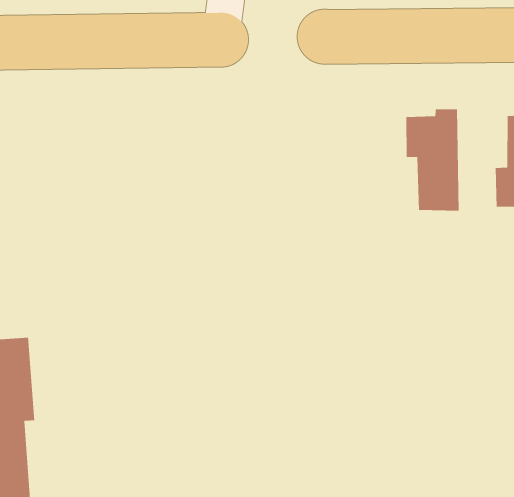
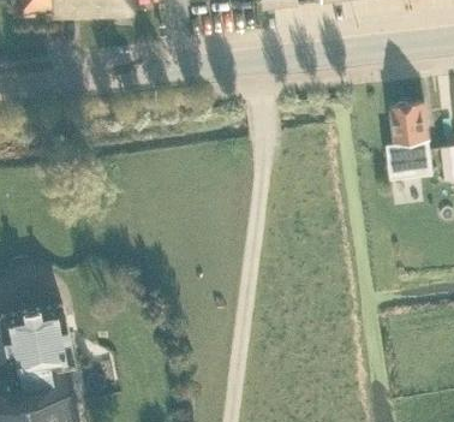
building: [406,109,459,211] -> none

